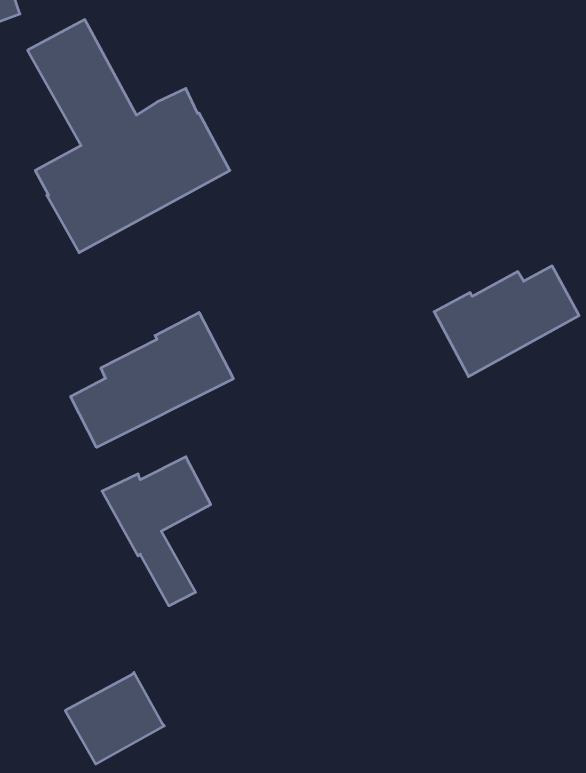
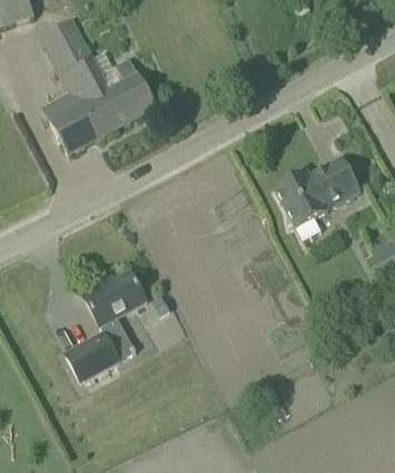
building: [71,312,233,447] -> none
building: [65,672,164,764] -> [65,329,122,382]

